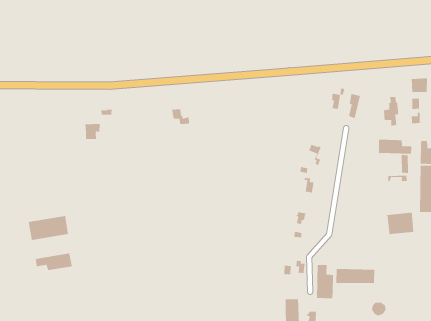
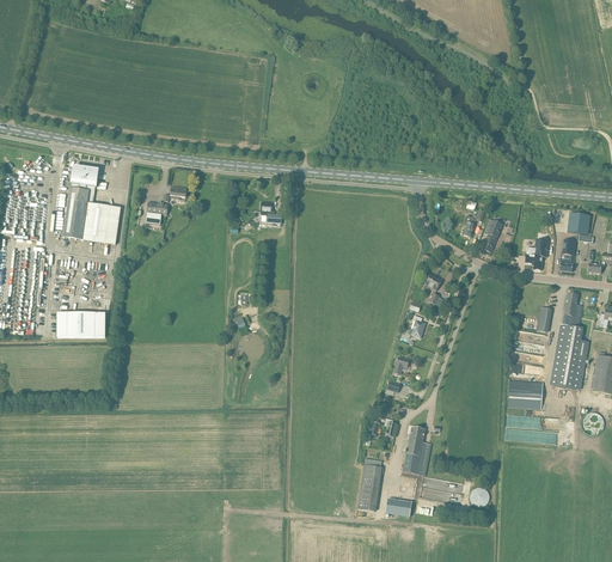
building: none -> [63,166,121,244]
building: [378,139,412,155] -> none
building: [35,253,73,271] -> none
building: [335,268,375,284] -> none

